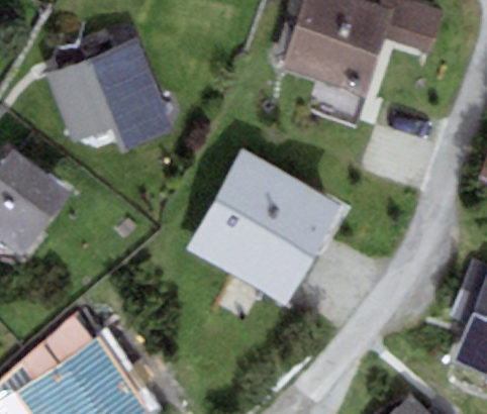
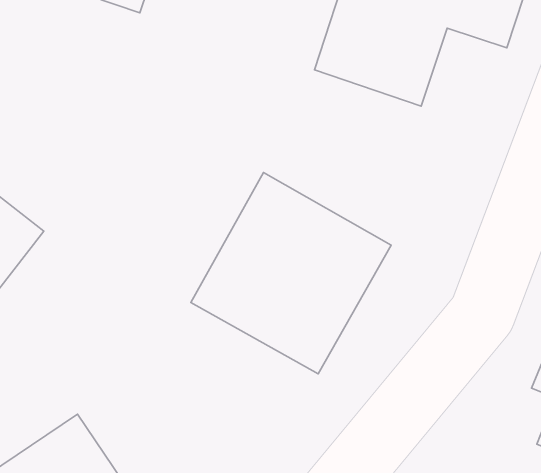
building: [45,37,173,151] -> none

